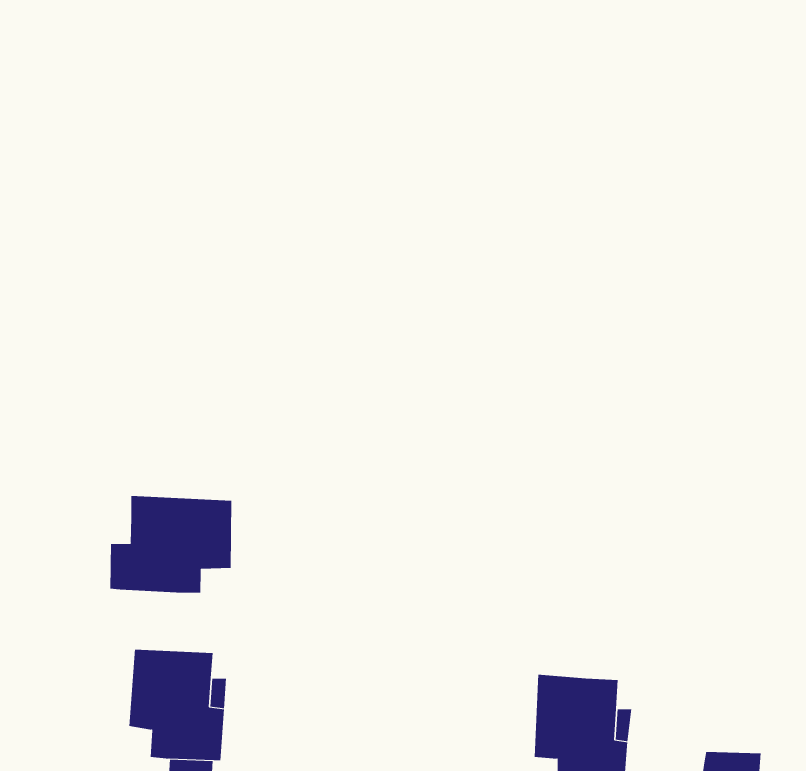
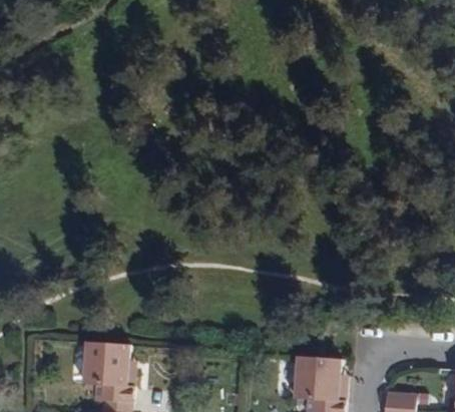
building: [110,495,232,593] -> none

